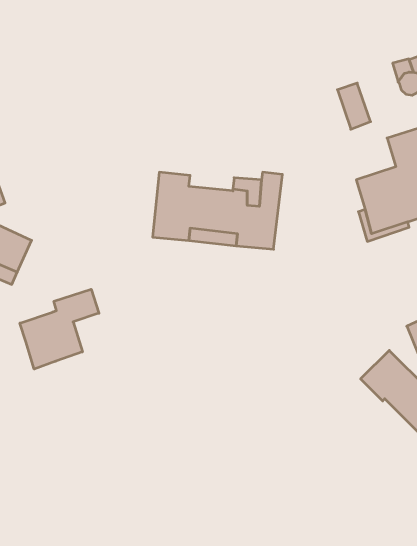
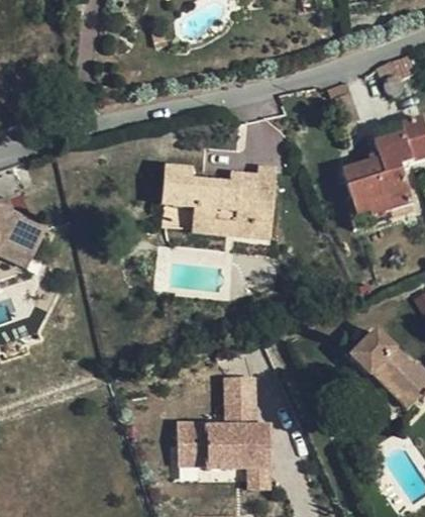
building: [20,289,99,369] -> none
building: none -> [176,374,272,489]

